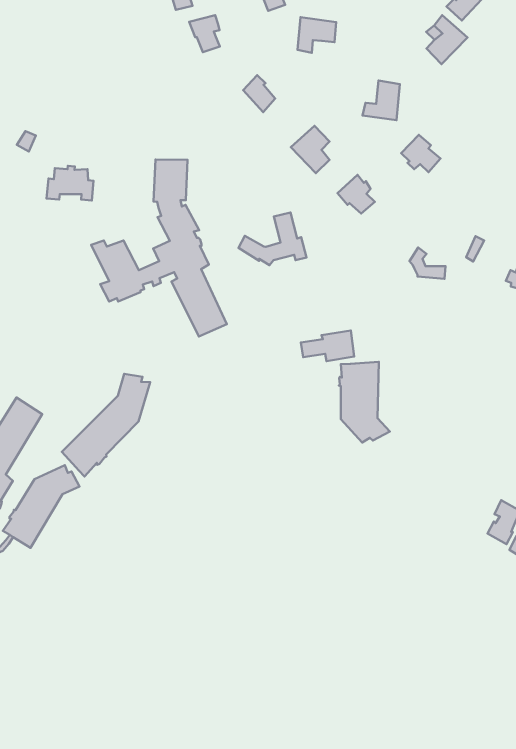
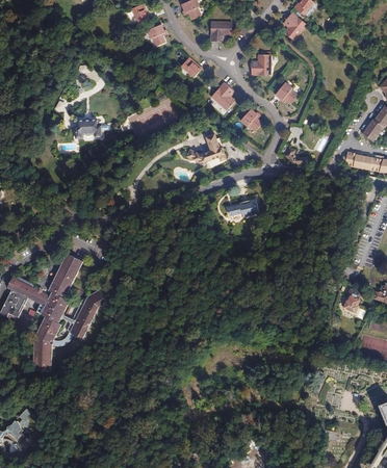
building: [91,159,227,336] -> none
building: [339,362,390,443] -> none
building: [62,374,150,477] -> none

